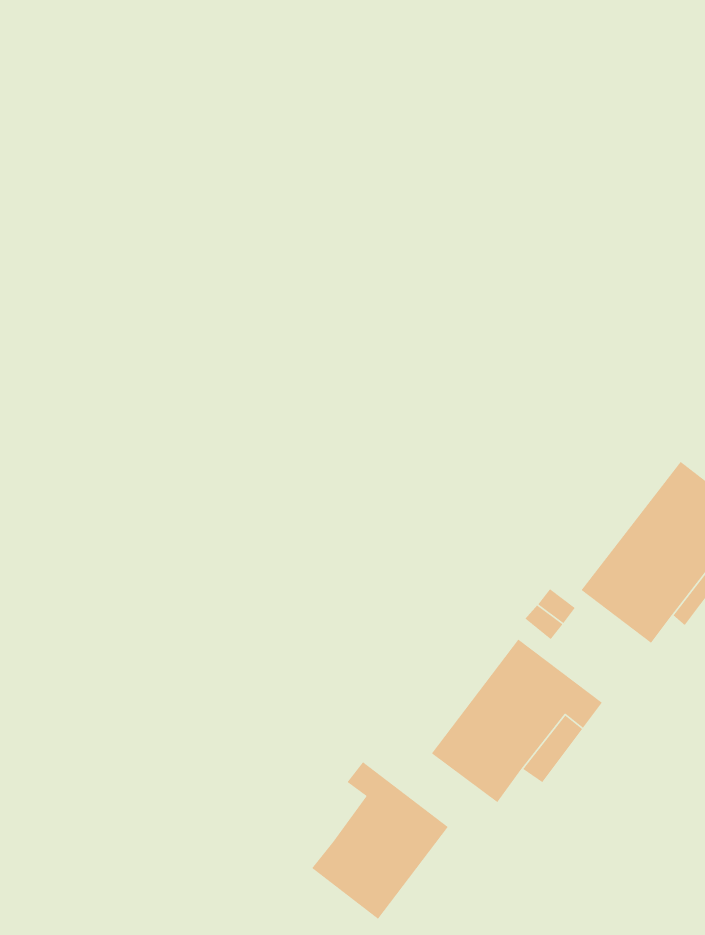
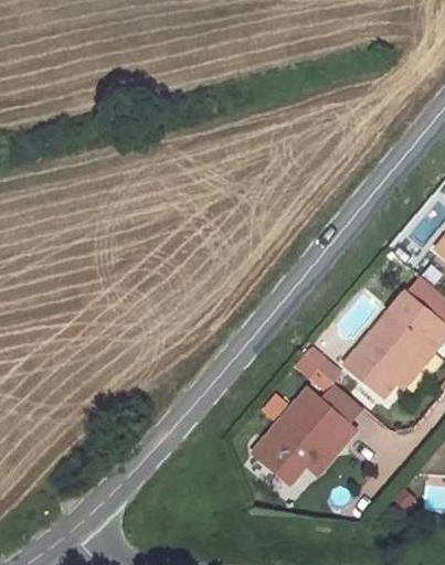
building: [311,761,449,920] -> none

